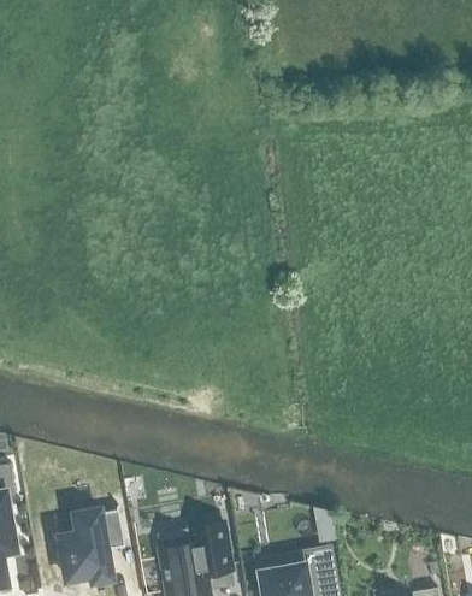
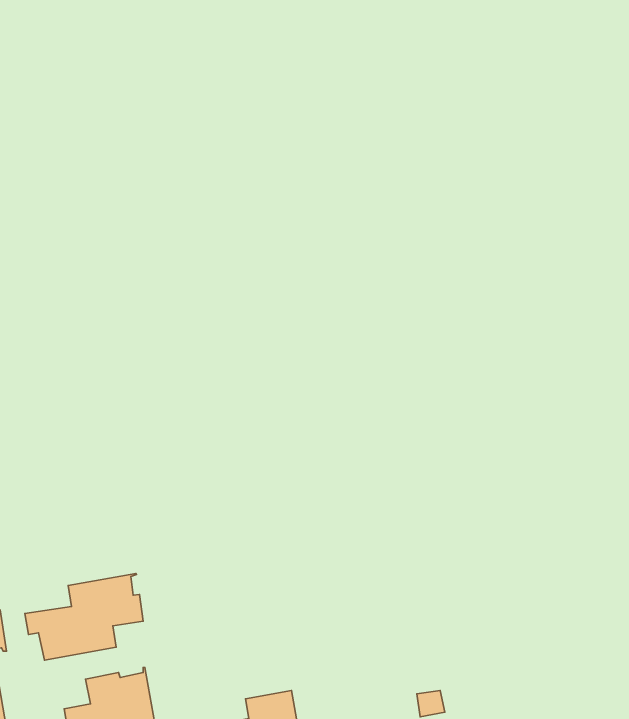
building: none -> [25,573,143,660]

